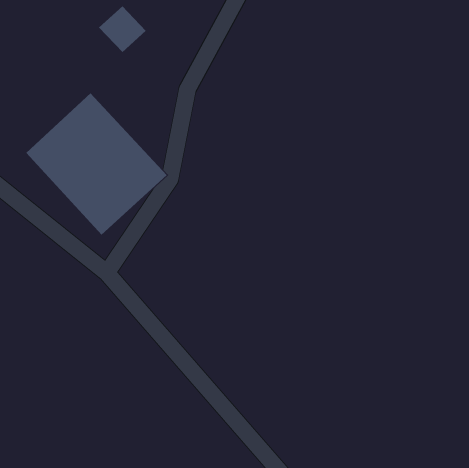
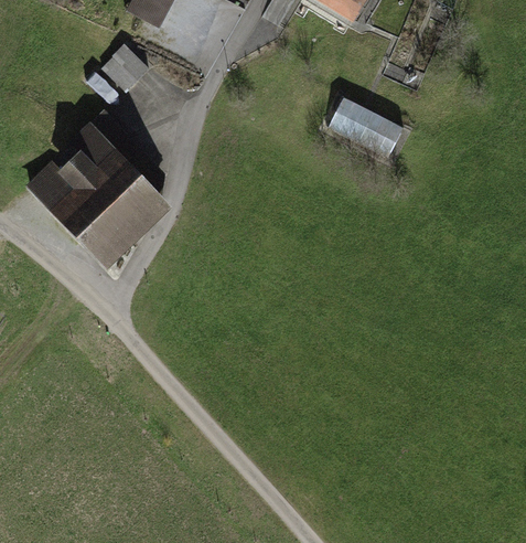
building: none -> [329,97,407,160]

